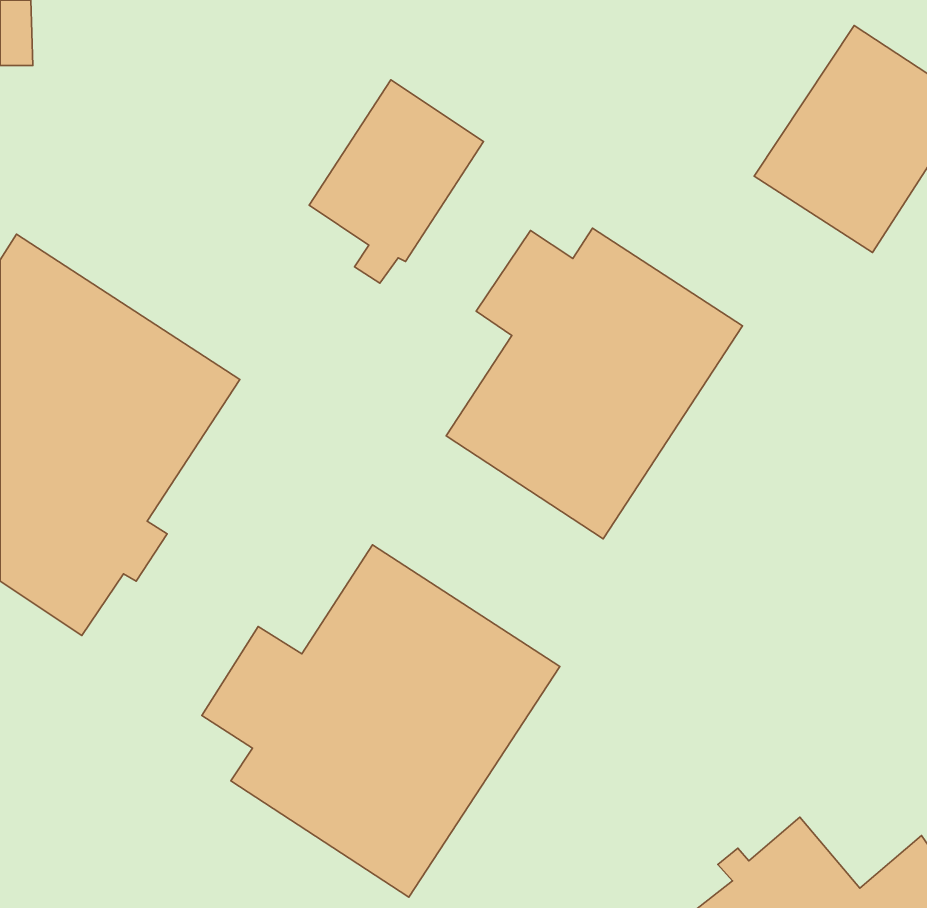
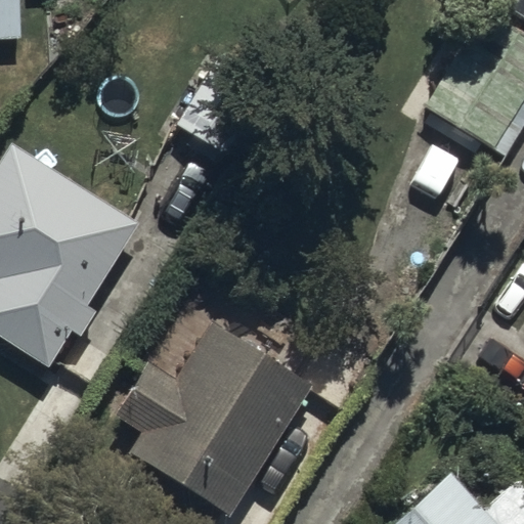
building: [446,228,742,539] -> none

